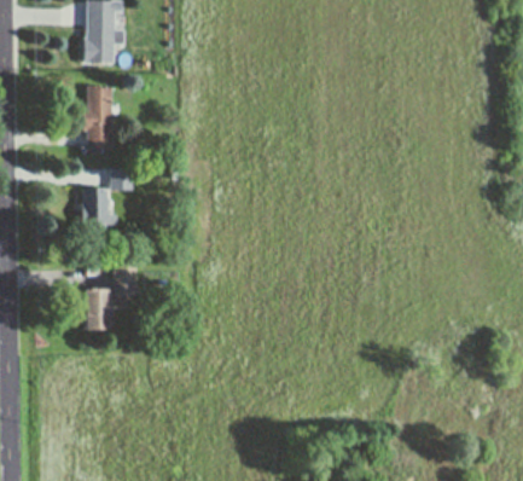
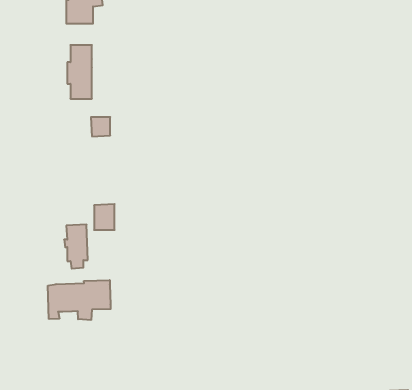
building: [83,189,117,225] -> none
building: none -> [48,280,111,320]

